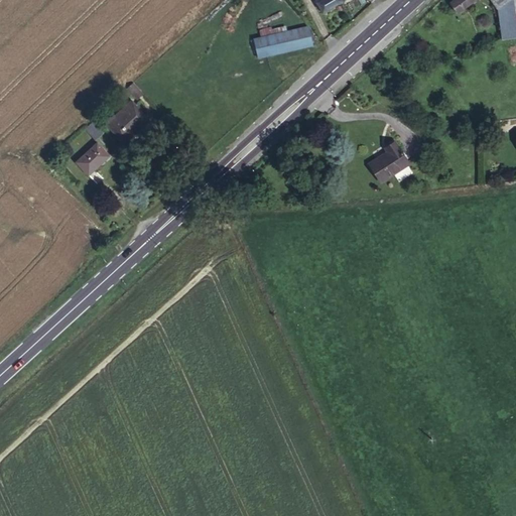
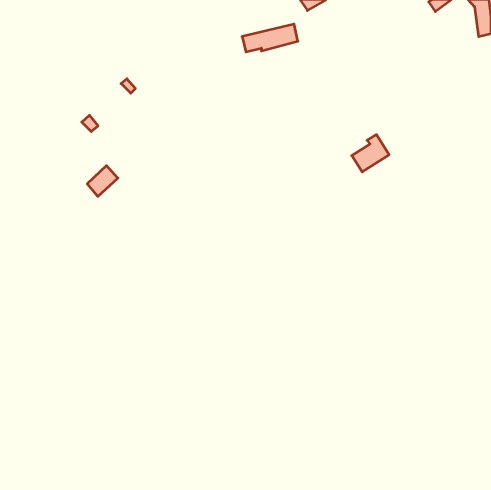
building: [108,101,149,141] -> none
building: [77,142,109,174] -> [87,166,118,196]

